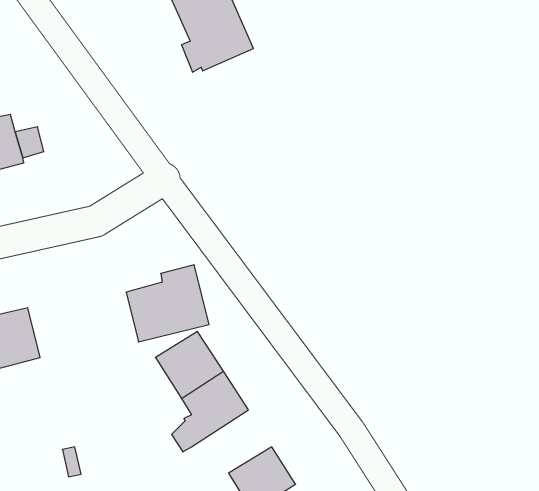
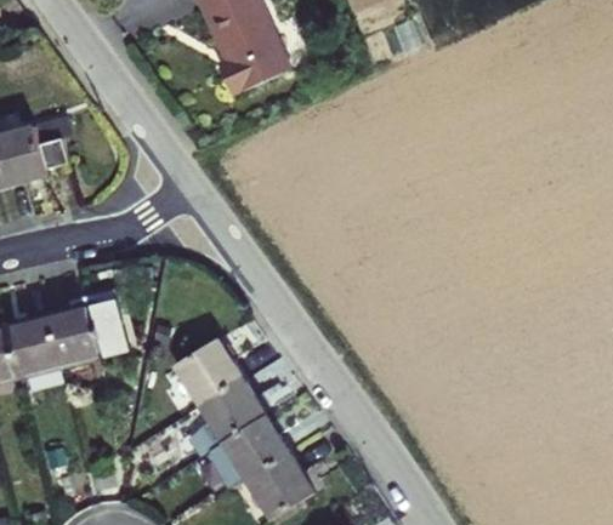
building: [126,265,209,342] -> [51,290,132,365]
building: none -> [211,416,290,487]

